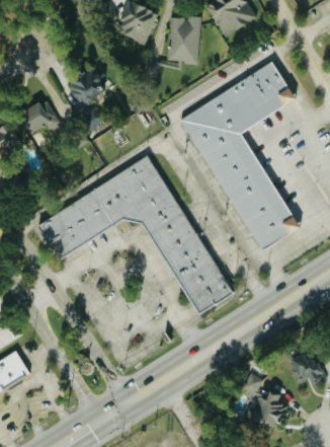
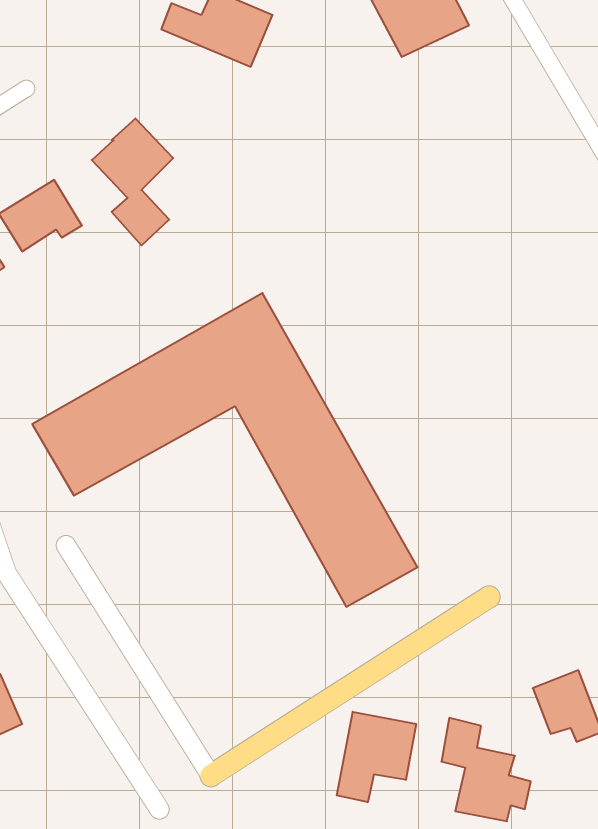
building: [168,17,200,63] -> none
building: [182,64,297,252] -> none
building: none -> [337,712,416,802]

